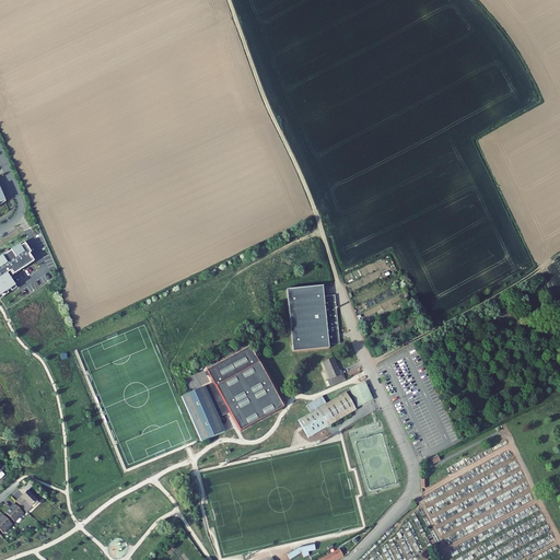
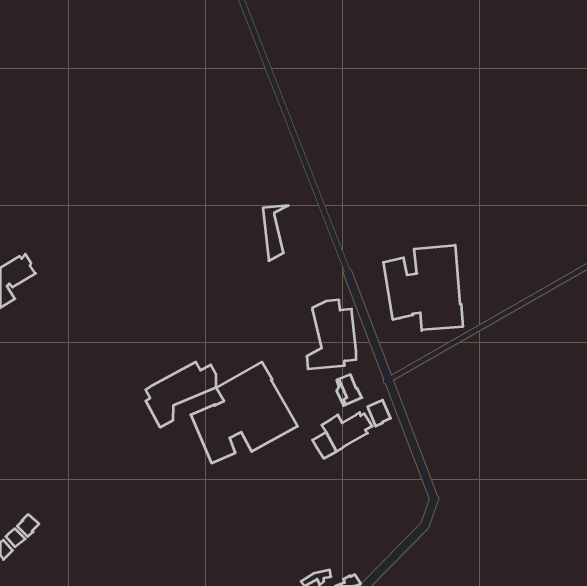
building: none -> [383,245,463,331]
building: [287,287,311,339] -> [263,206,288,261]
building: none -> [146,362,216,427]

